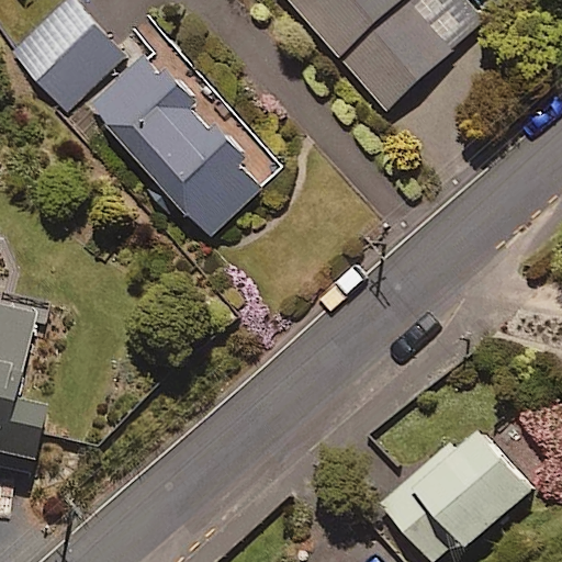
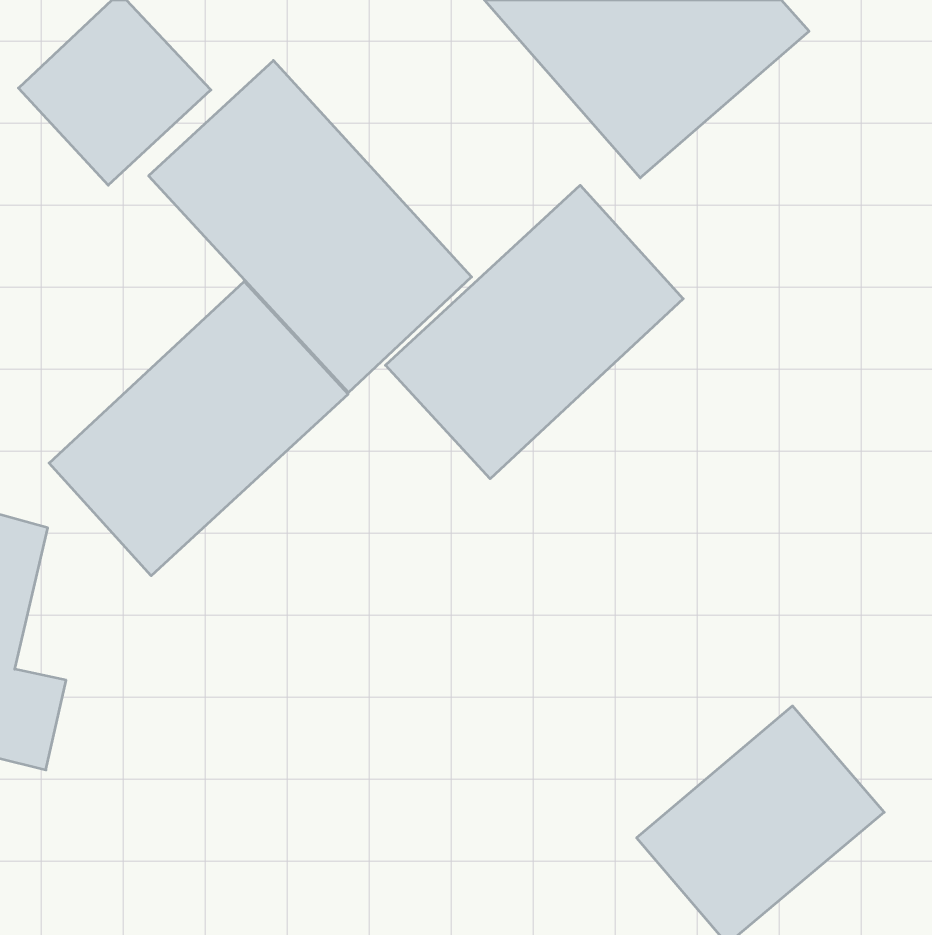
building: none -> [385,185,683,479]
building: none -> [49,281,348,576]

